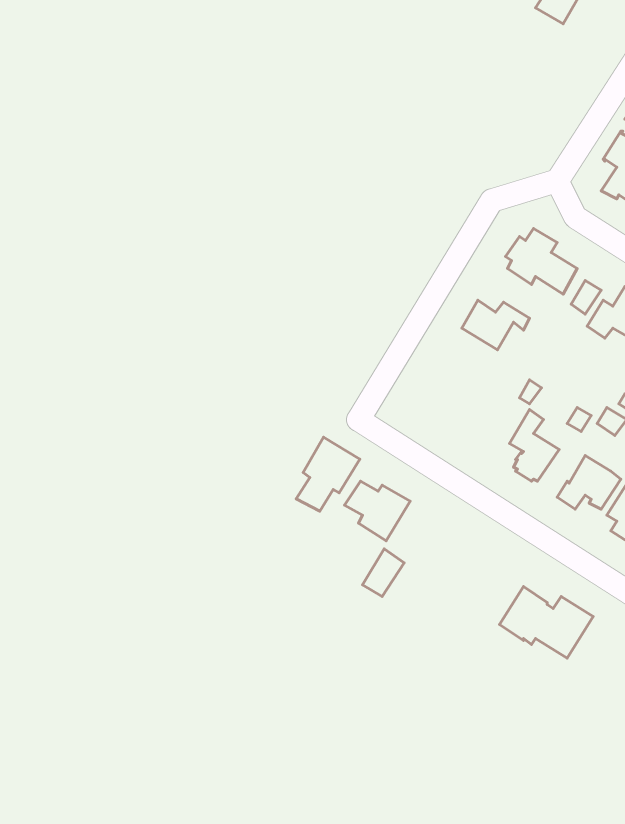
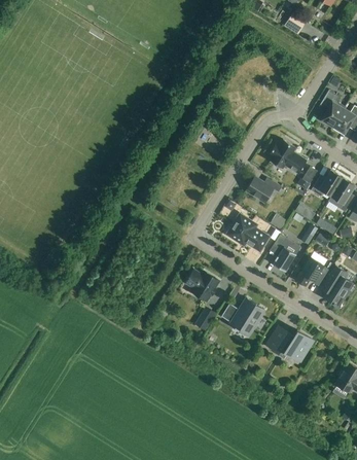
building: none -> [225,214,269,250]
building: [296,437,360,511] -> none
building: none -> [220,298,263,335]

